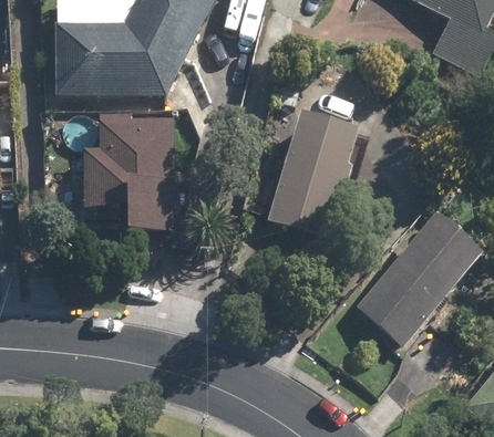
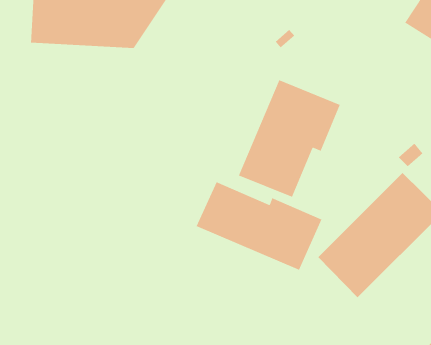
building: [83,115,167,227] -> none
building: none -> [195,181,322,271]

